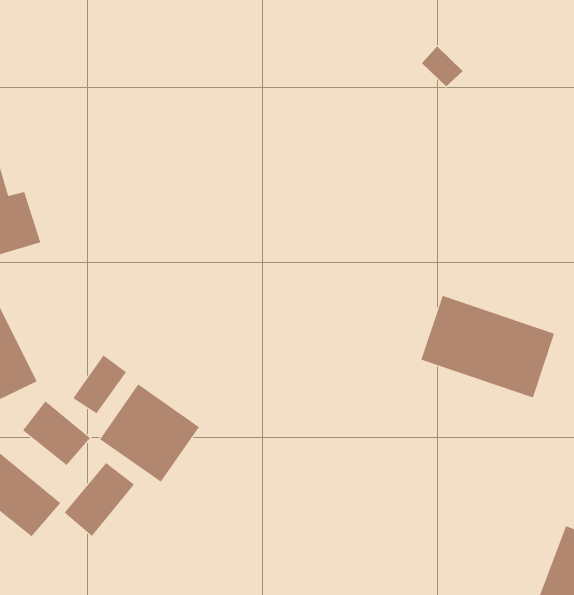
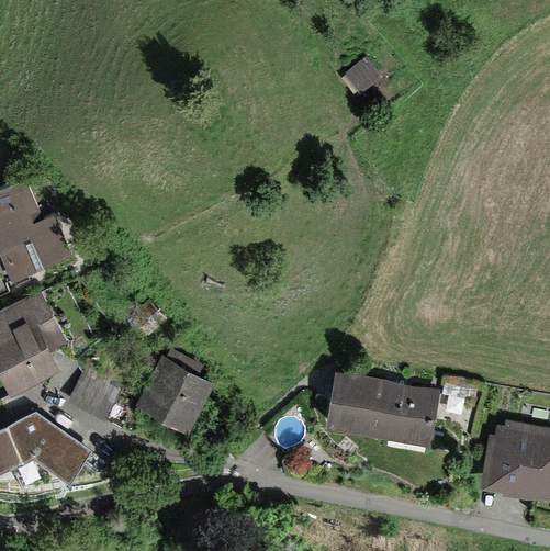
building: [421,295,555,398] -> [336,376,439,449]
building: [72,355,127,414] -> none
building: [64,462,135,537] -> none

